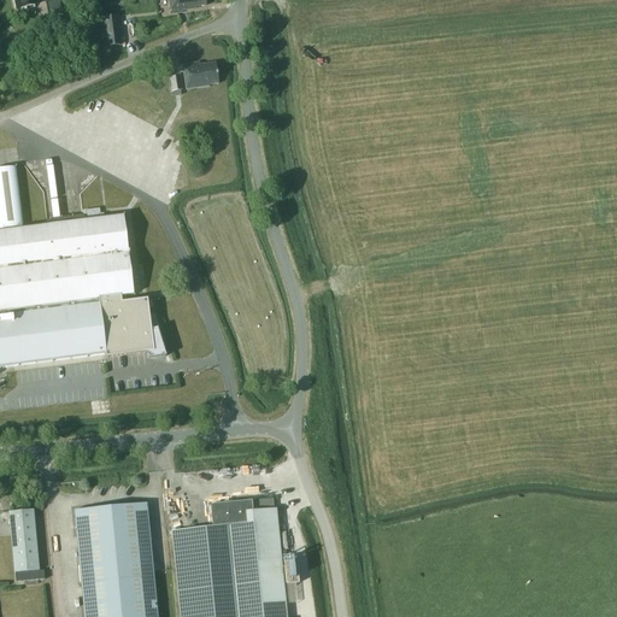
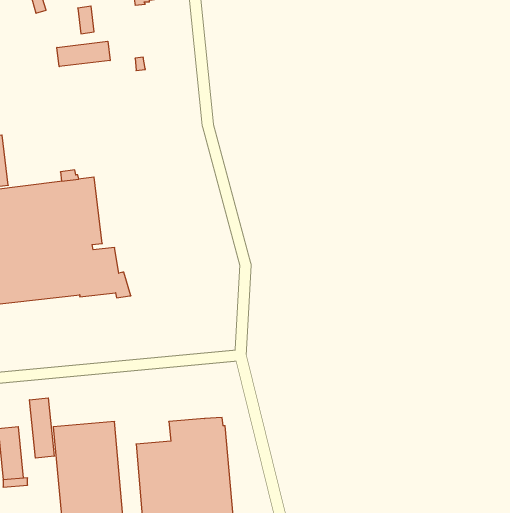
building: none -> [57,41,110,67]
building: [182,60,218,88] -> none
building: none -> [30,398,54,458]

